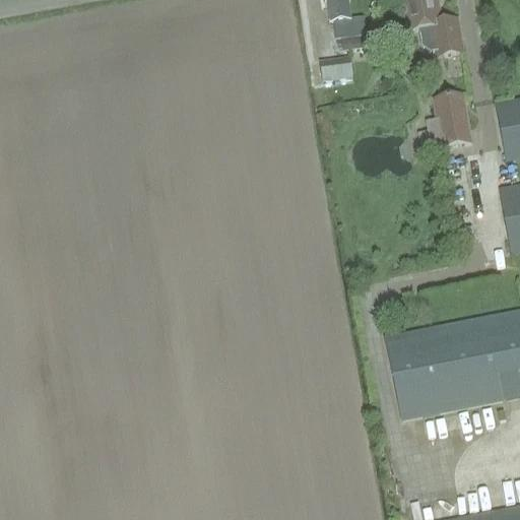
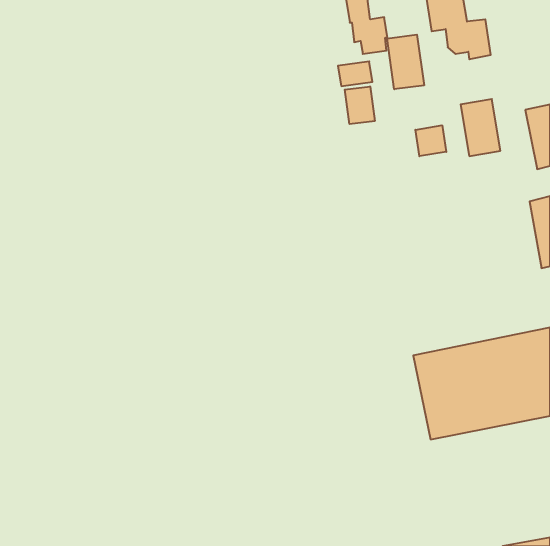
building: none -> [387,35,424,89]
building: none -> [345,86,375,124]
building: none -> [415,125,446,156]

